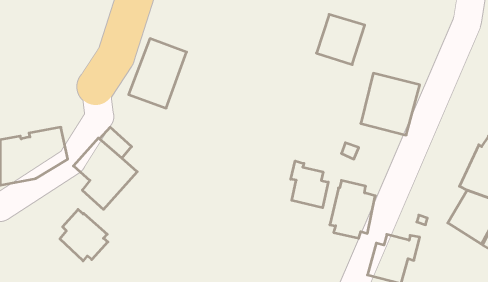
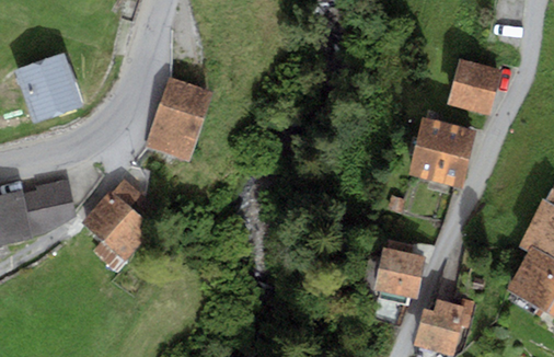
building: [316,14,365,65] -> [447,57,501,114]
building: none -> [15,53,80,118]
building: [291,161,328,208] -> none
building: [60,209,108,261] -> none

